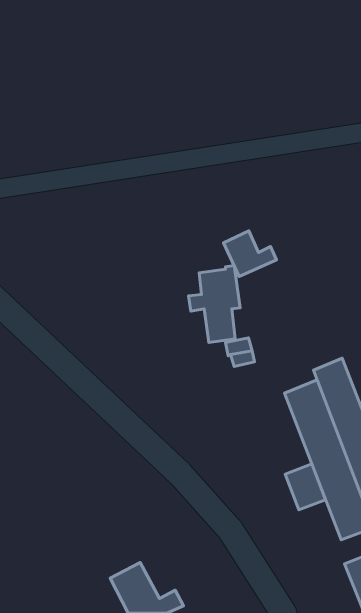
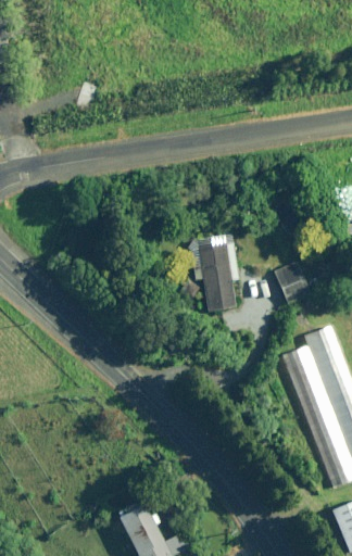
building: [224,231,276,277] -> [273,262,320,303]
building: [285,464,326,510] -> none

